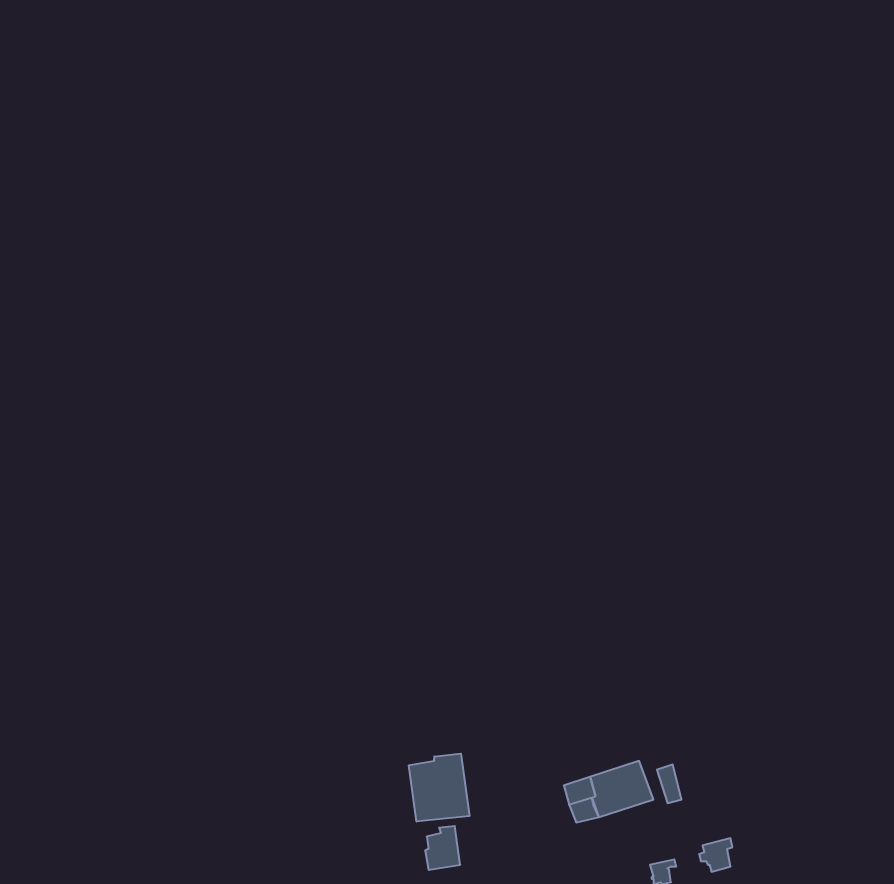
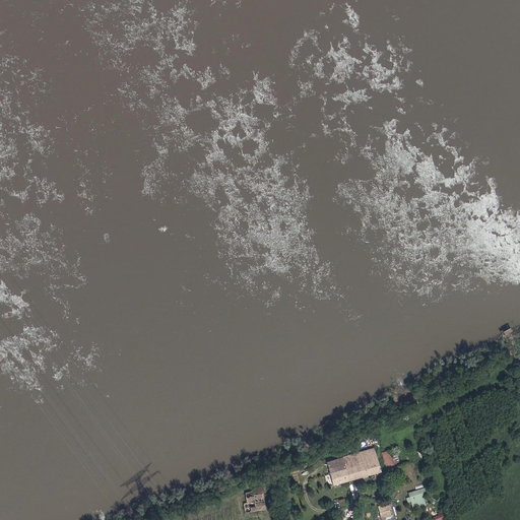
building: [409,754,469,822] -> none

